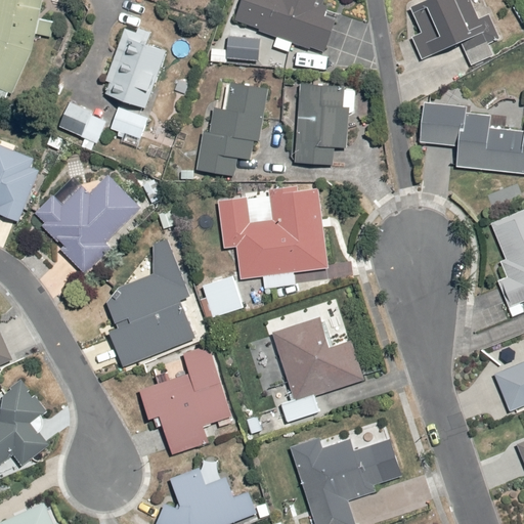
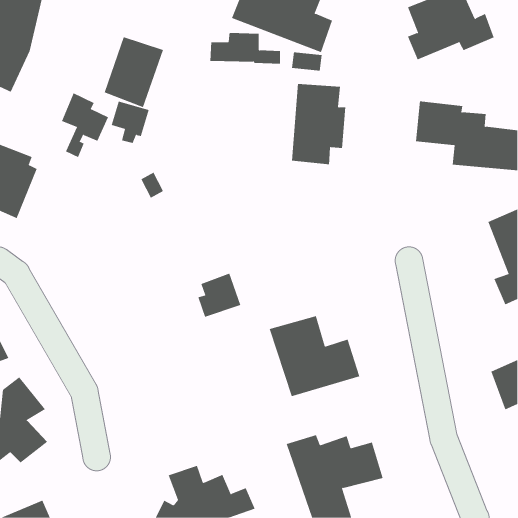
building: [195,83,268,176] -> none
building: [35,175,139,272] -> none
building: [216,188,328,279] -> none
building: [105,237,194,368] -> none
building: [138,344,231,454] -> none

